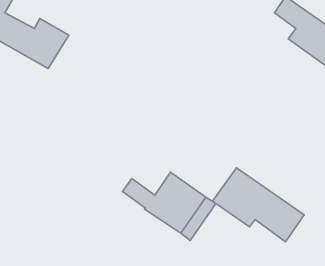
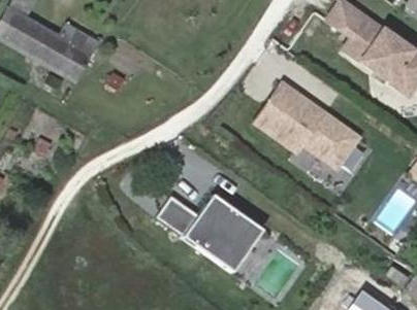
building: [212,168,304,242] -> [255,84,357,167]

